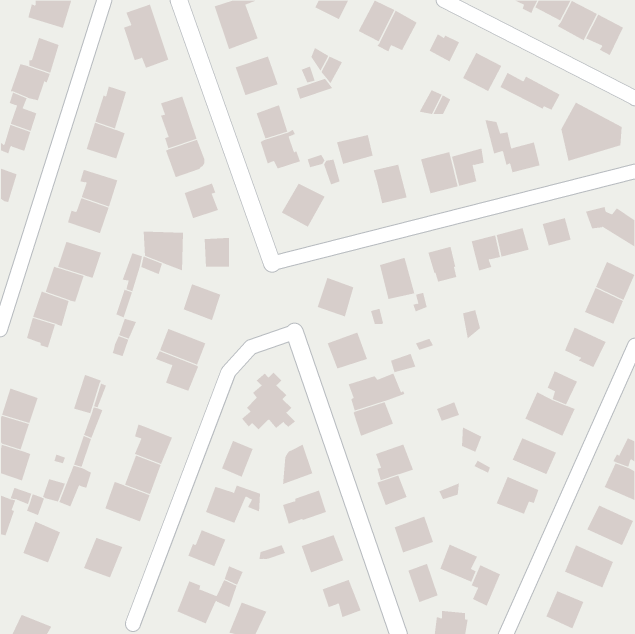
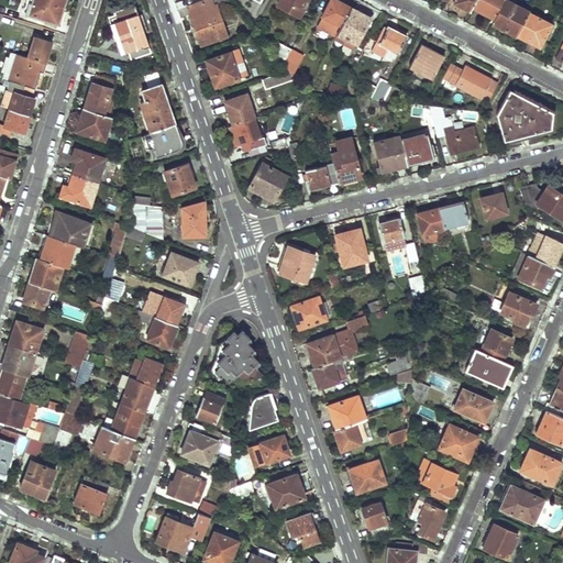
building: [336,135,374,164] -> [305,163,338,189]
building: none -> [9,321,42,353]
building: none -> [129,354,162,388]
building: [439,544,478,582] -> [422,461,456,495]

